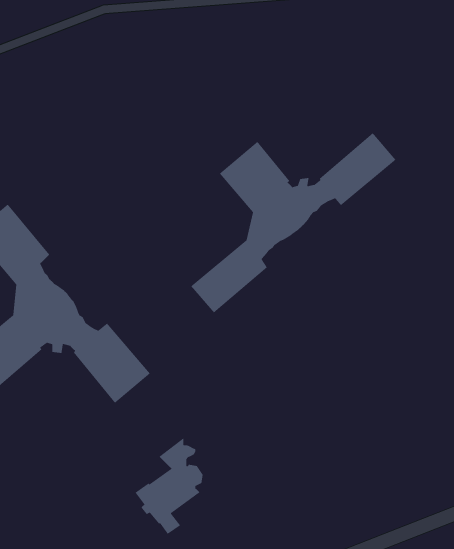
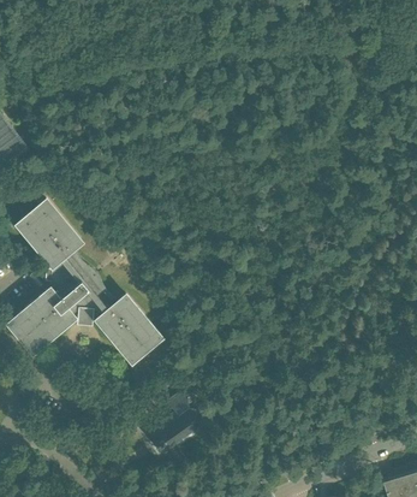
building: [190,132,396,314] -> none

